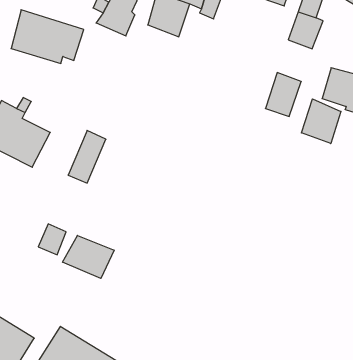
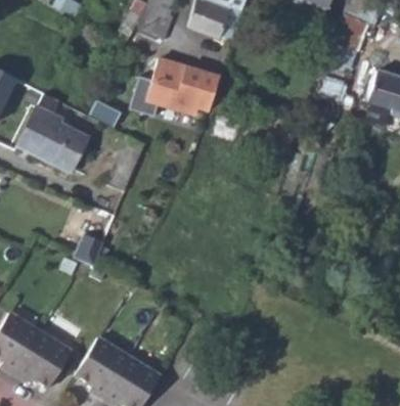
building: [11,10,84,63] -> [144,59,219,115]
building: [301,99,341,144] -> none
building: [63,235,114,278] -> none

